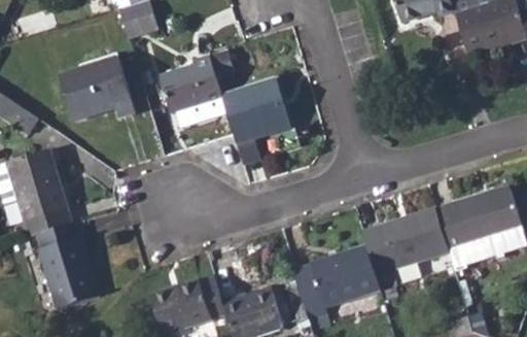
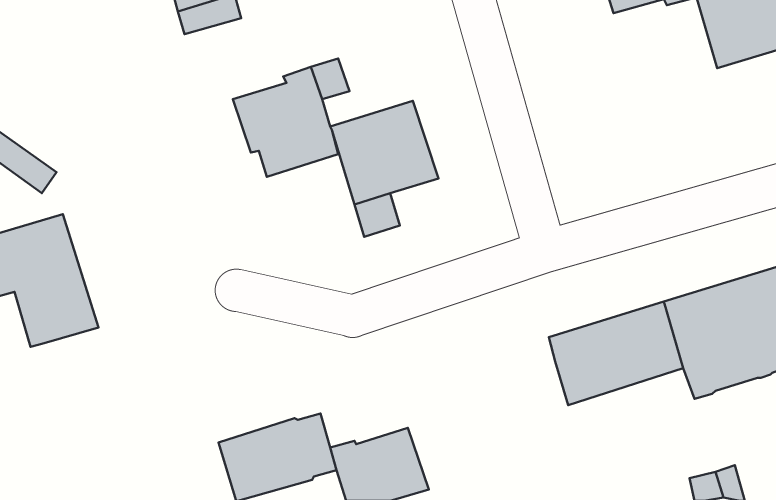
building: [60,59,136,121] -> none
building: [37,222,100,308] -> none
building: [291,244,376,316] -> none

